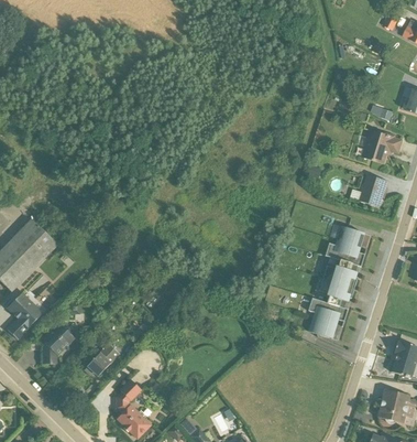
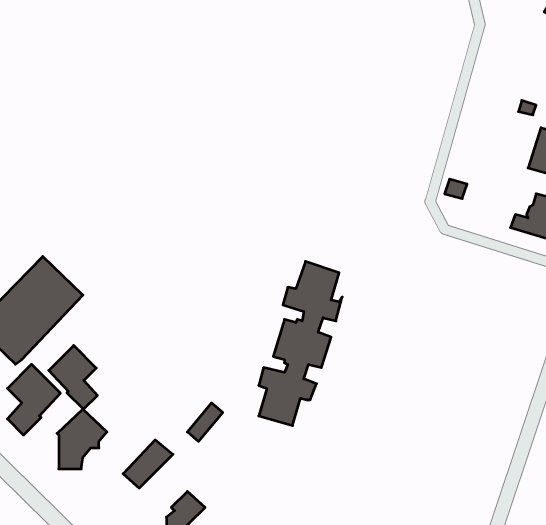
building: [307,225,364,337] -> [259,261,342,426]
building: none -> [49,345,97,409]

